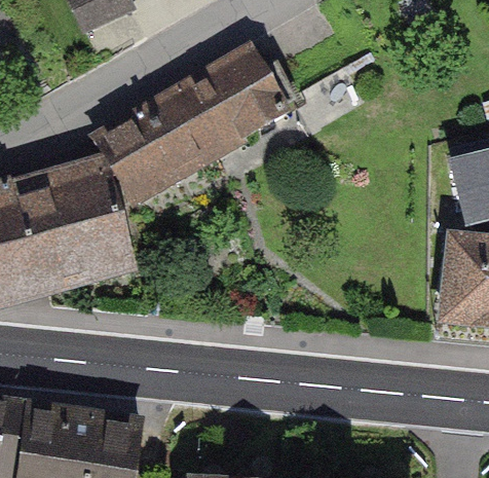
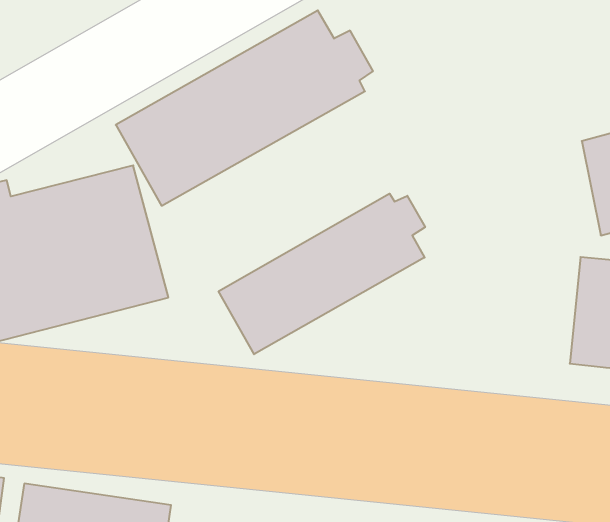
building: none -> [219,194,425,354]

